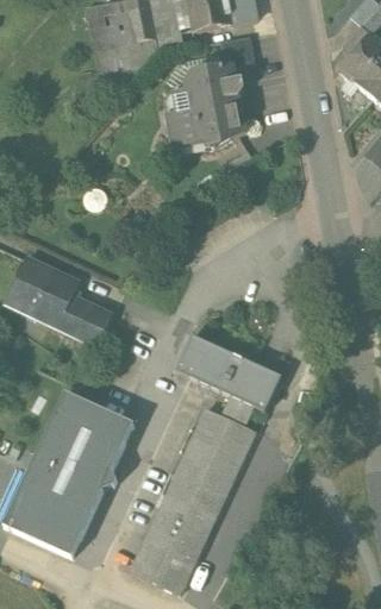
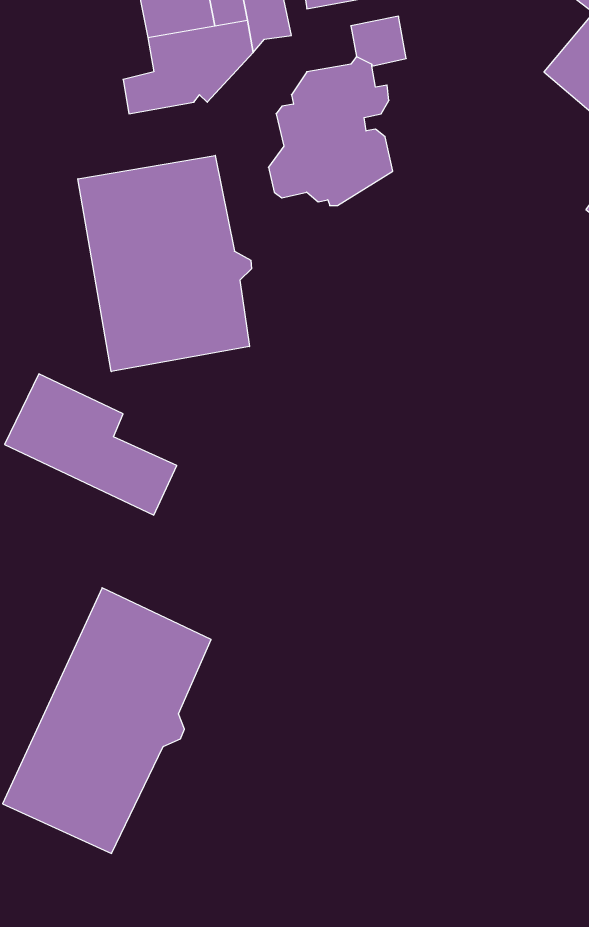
building: none -> [78,155,252,372]
building: [176,334,281,409] -> none
building: [131,407,256,592] -> none

